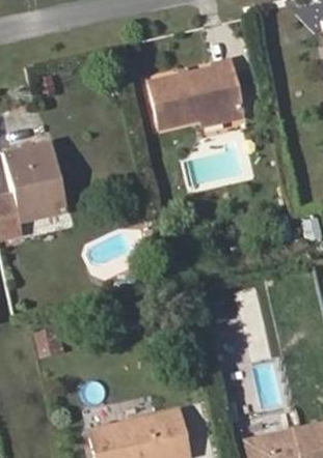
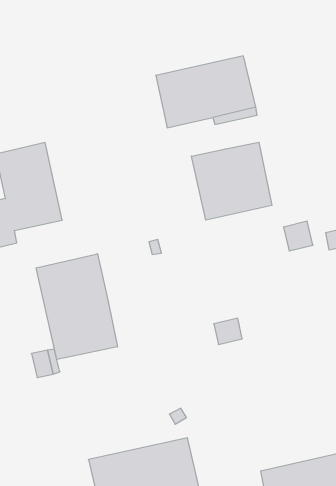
building: none -> [191,142,272,220]
building: none -> [36,254,118,359]

